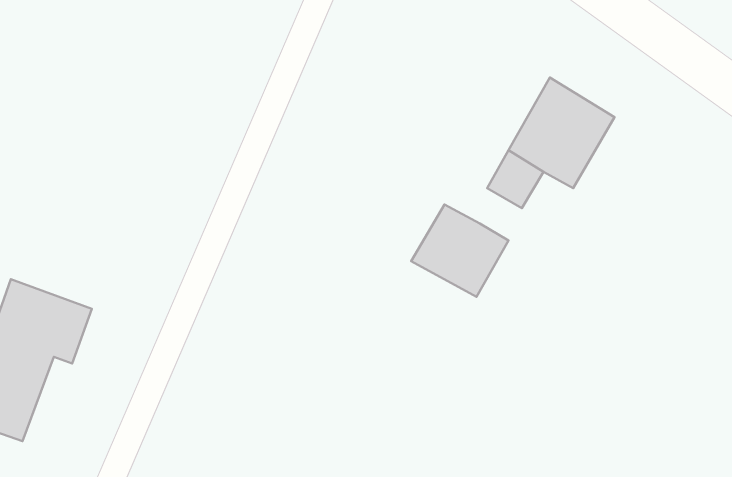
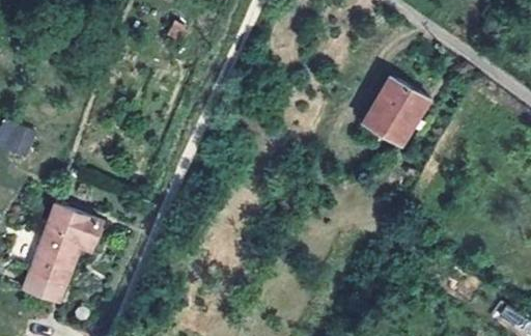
building: [411,204,509,297] -> none

